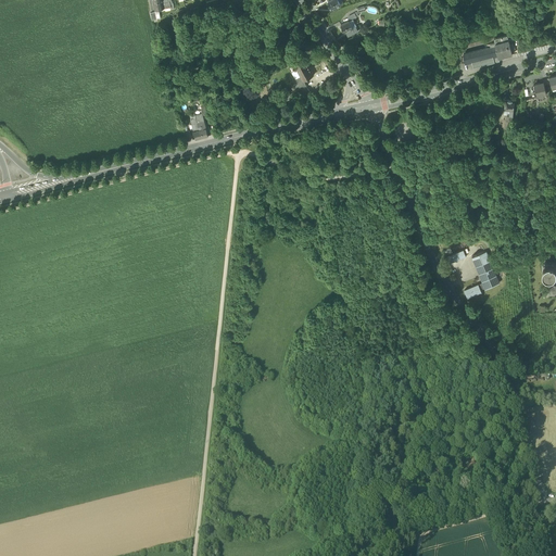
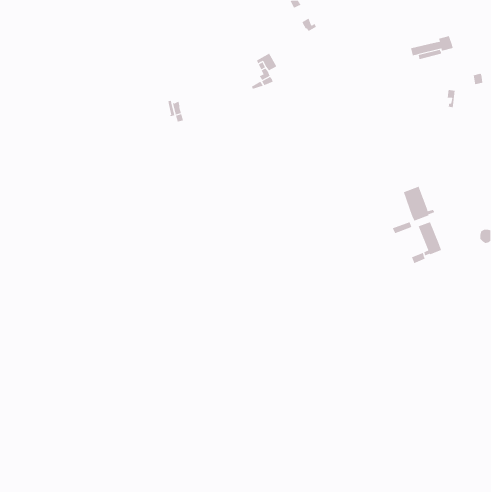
building: none -> [403,186,435,222]

